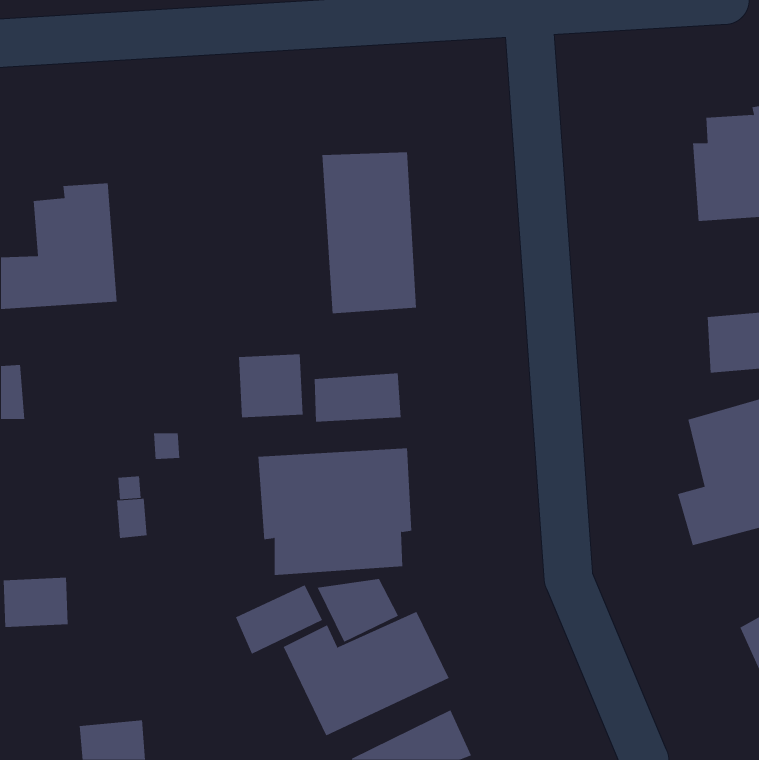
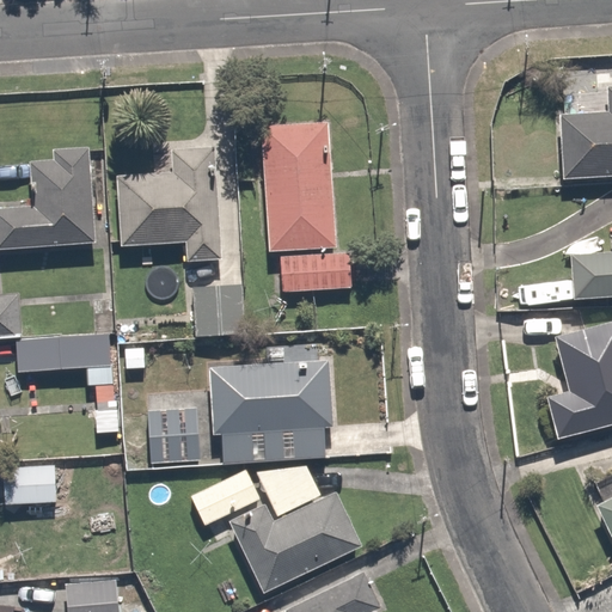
building: none -> [116,147,221,261]
building: [314,373,402,422] -> [281,252,351,292]
building: none -> [14,333,111,372]
building: none -> [147,408,201,464]

